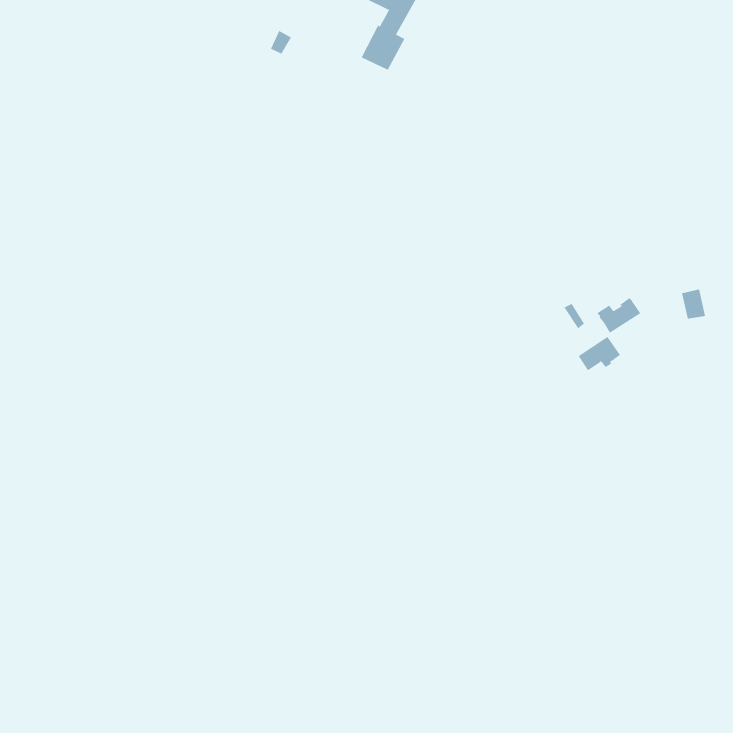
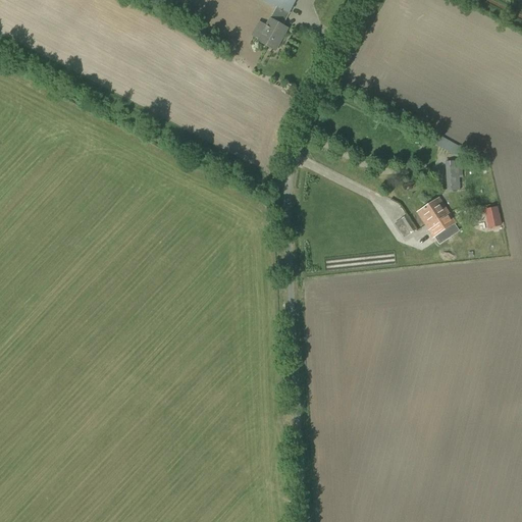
building: none -> [445,164,462,190]
building: [578,336,621,374] -> [416,198,447,224]

